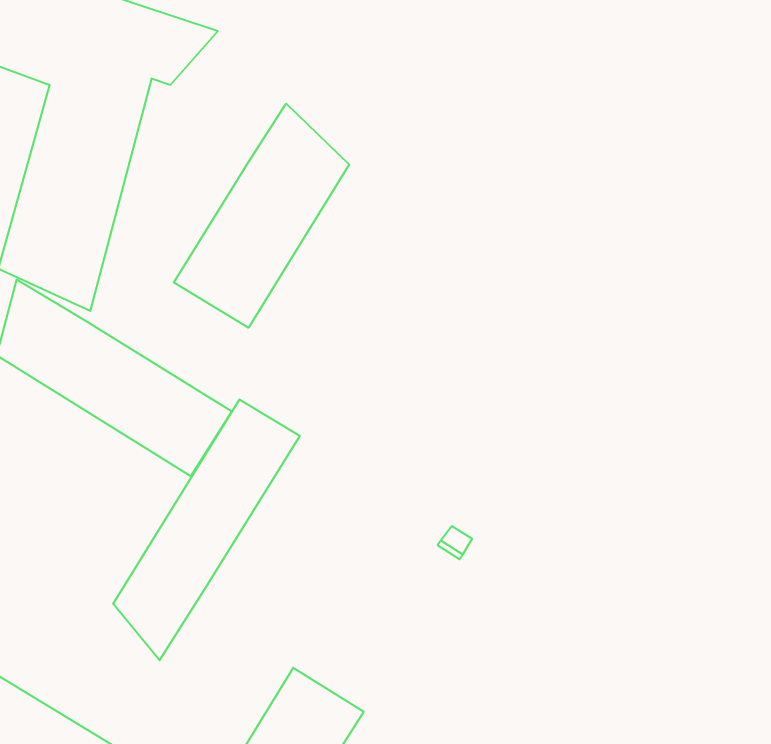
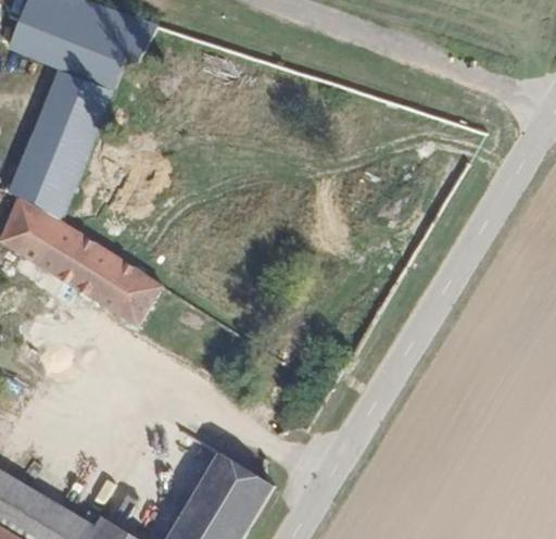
building: [174,104,349,328] -> none
building: [113,399,300,660] -> none

